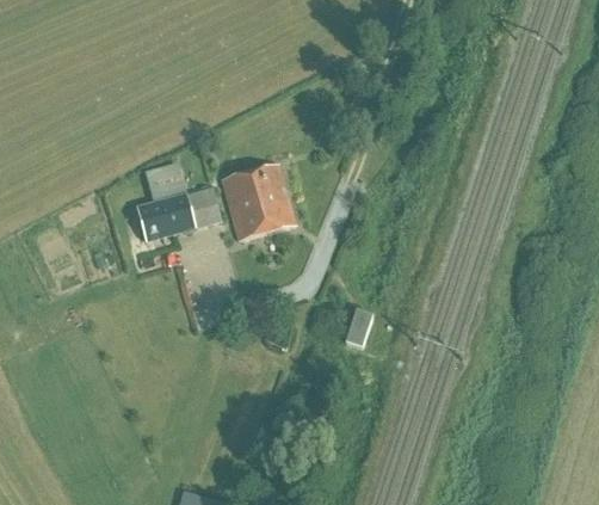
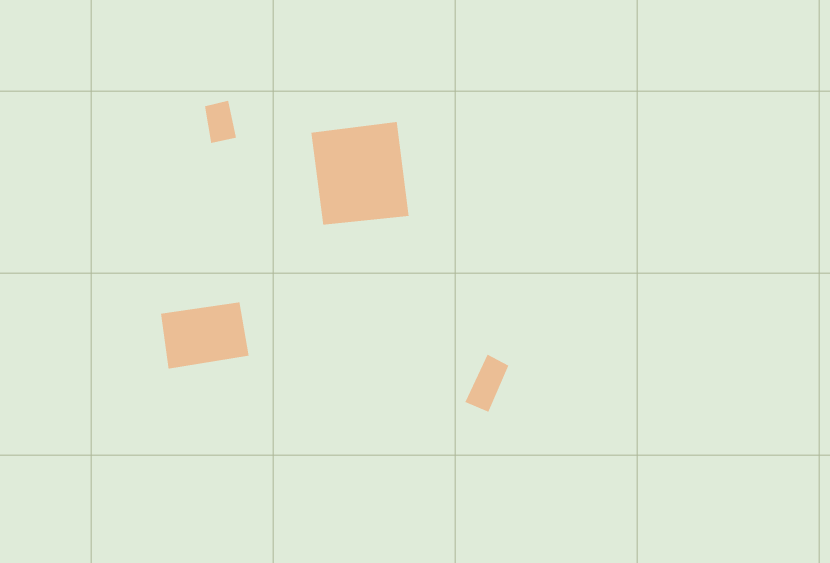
building: [193,180,223,222] -> none
building: [134,191,196,241] -> [160,302,250,369]

